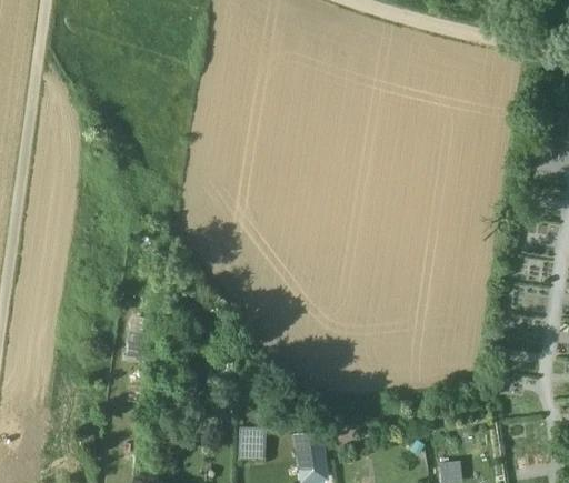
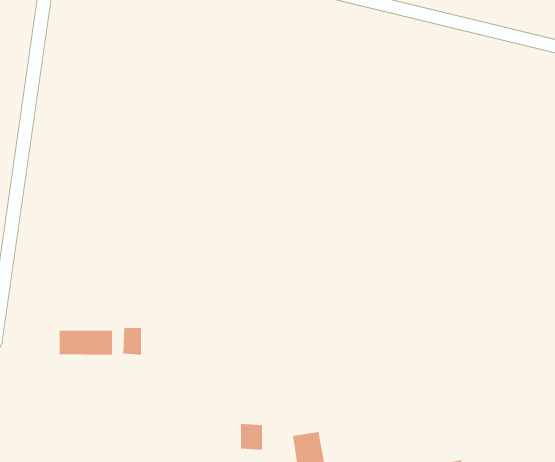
building: none -> [59,330,113,356]

